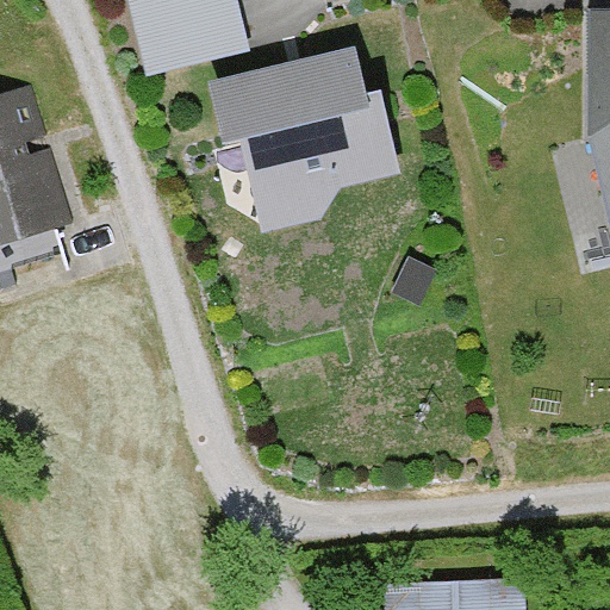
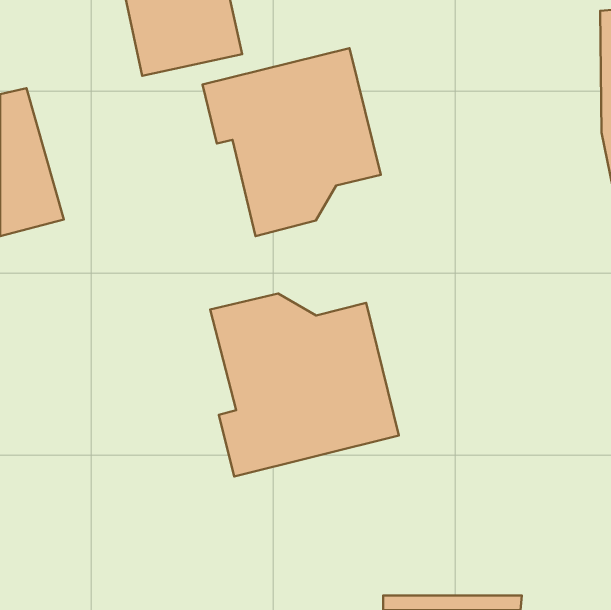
building: none -> [210,294,399,477]

